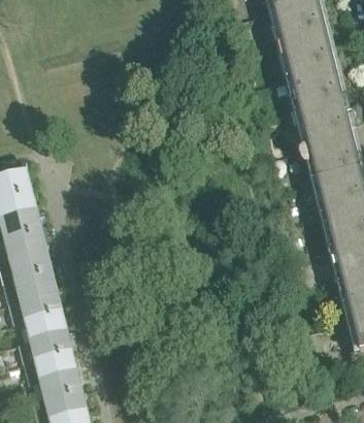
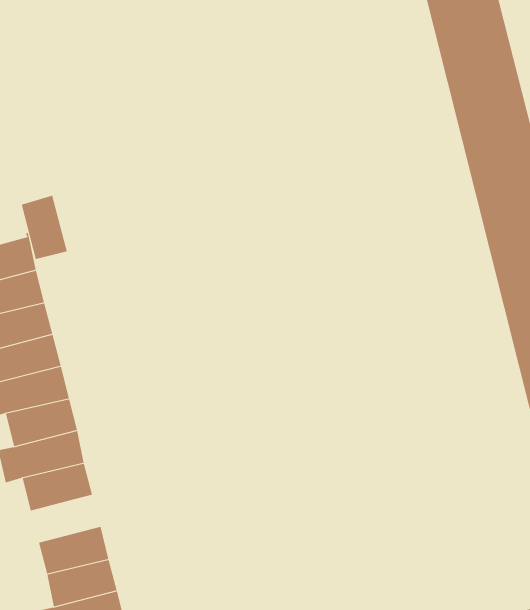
building: none -> [21,195,67,260]
building: [19,332,73,364] -> none

